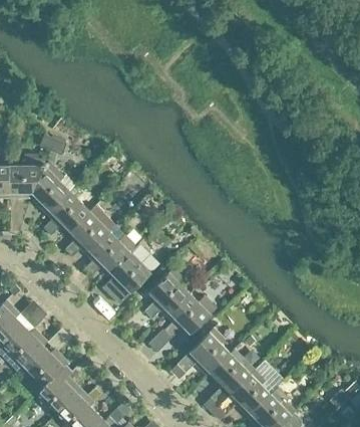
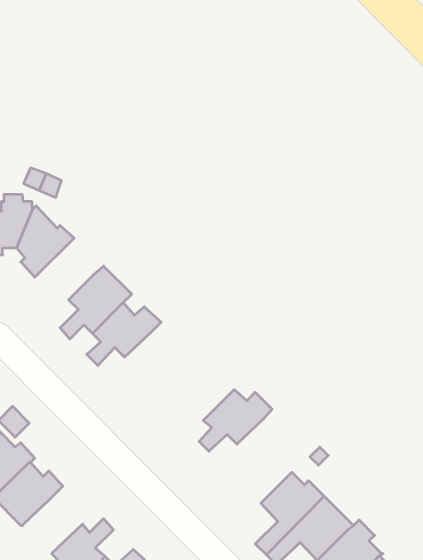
building: [44,185,89,235] -> none
building: [106,243,160,304] -> none
building: [144,267,190,318] -> none
building: [171,329,231,379] -> none
building: [38,367,84,411] -> none

